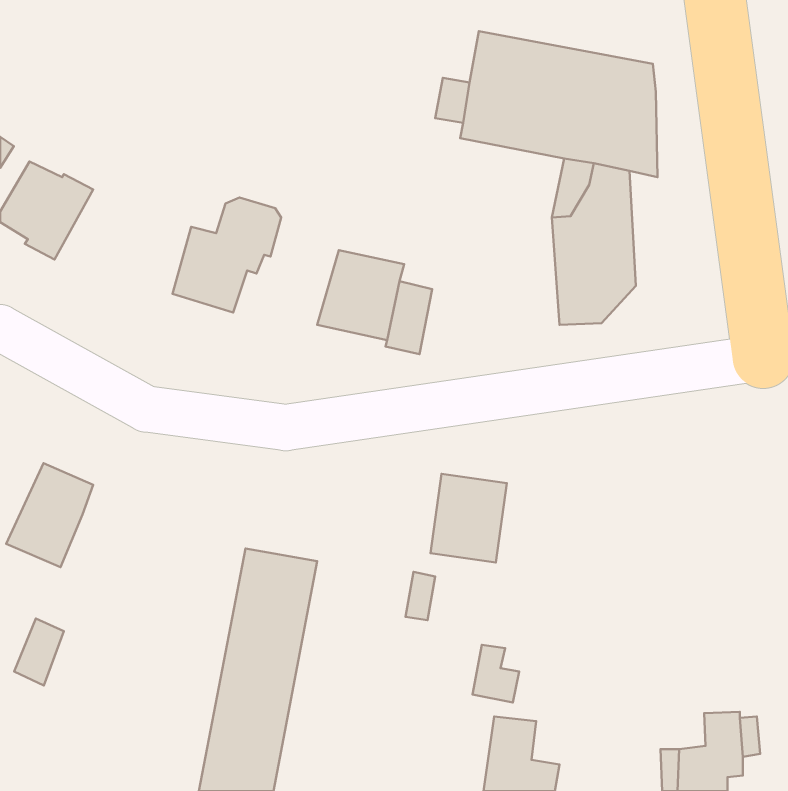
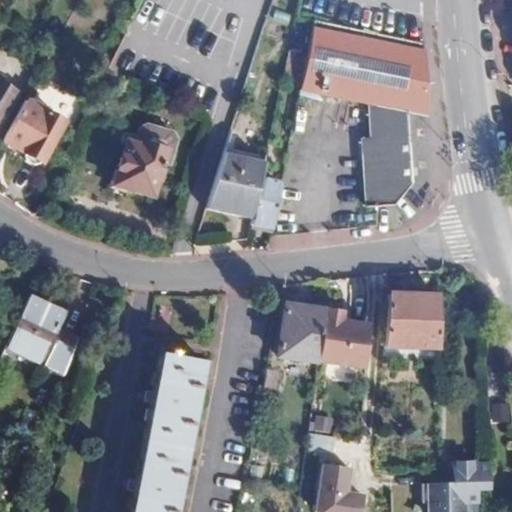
building: none -> [390,297,443,346]
building: none -> [323,309,373,369]
building: [14,619,64,685] -> [43,331,75,374]

